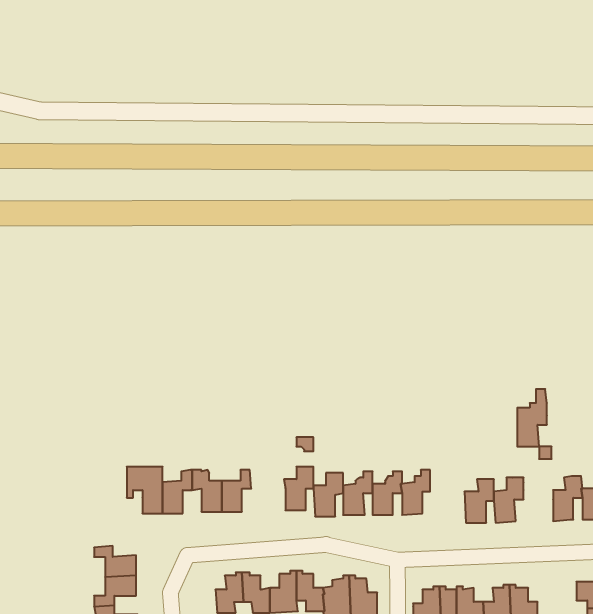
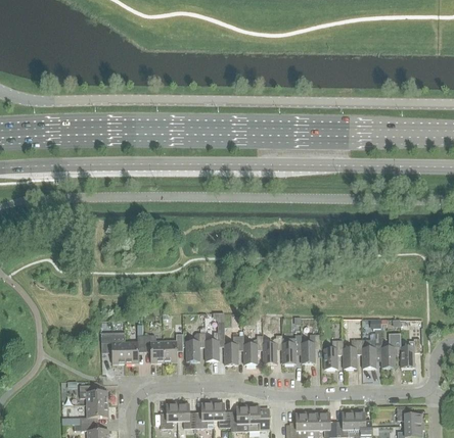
building: [517,389,547,447] -> [362,330,381,368]
building: none -> [186,332,206,361]
building: none -> [301,334,320,362]

